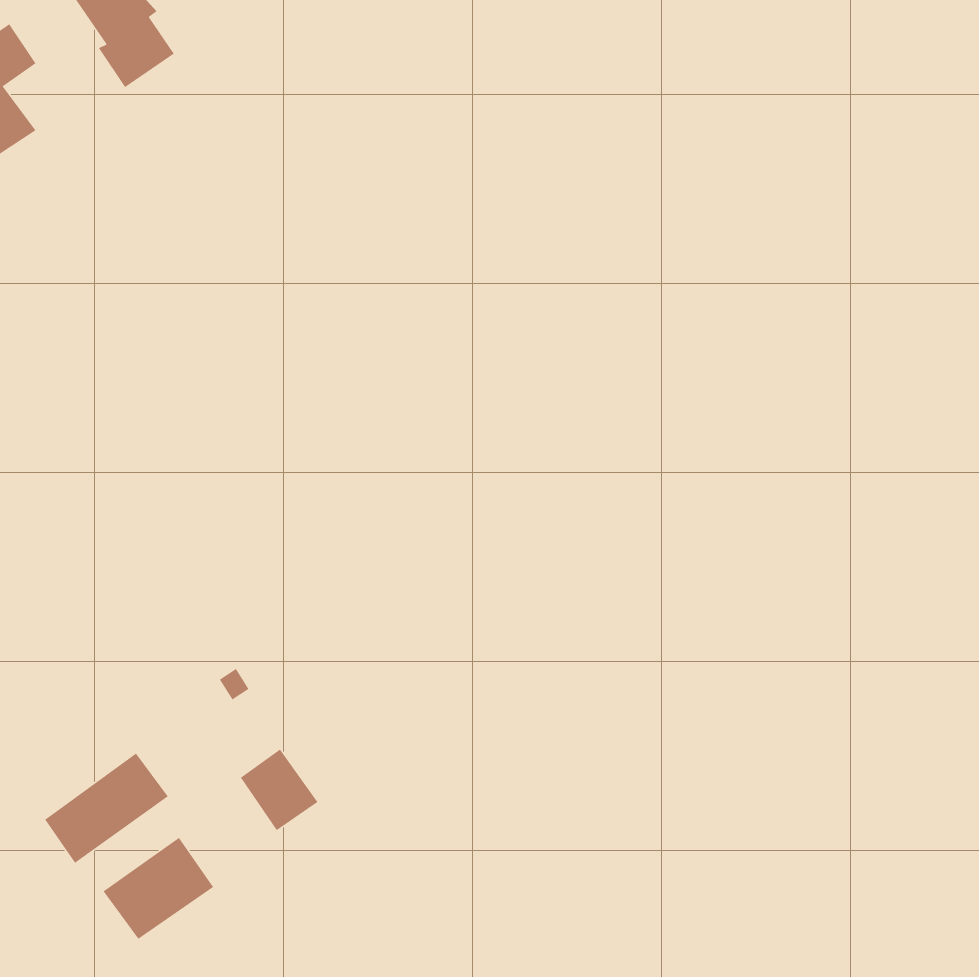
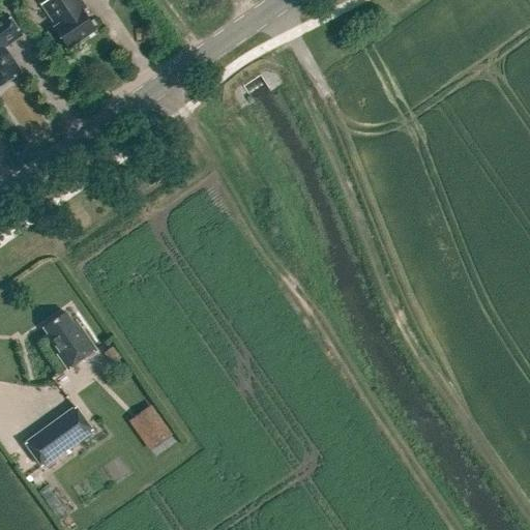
building: none -> [42,312,95,369]
building: [103,837,214,940] -> none

